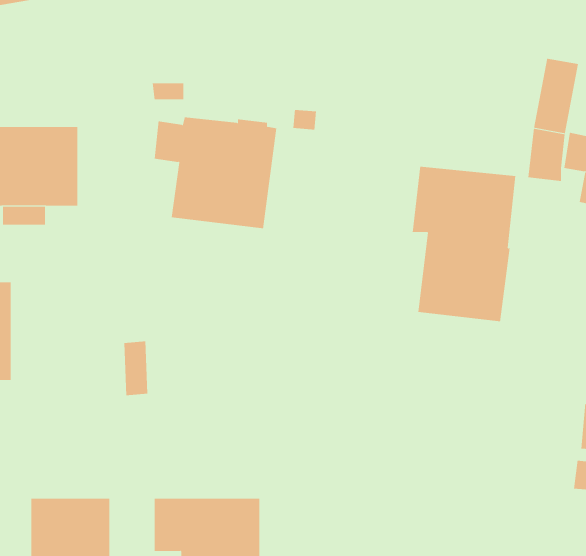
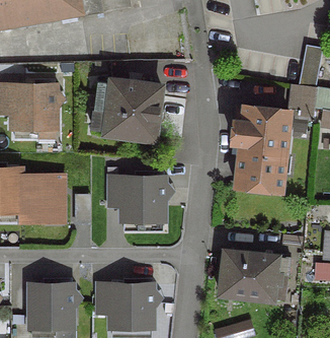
building: none -> [19,168,62,221]
building: none -> [121,178,164,230]
building: none -> [220,250,291,301]

